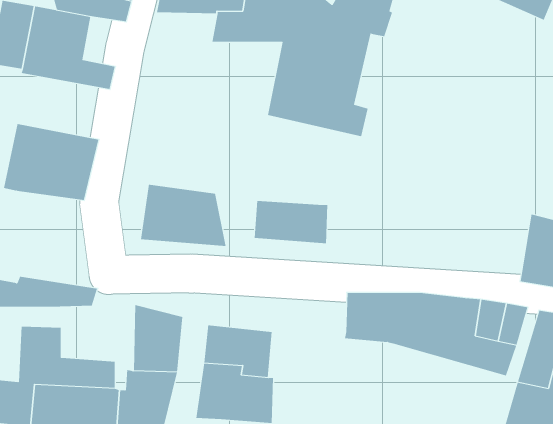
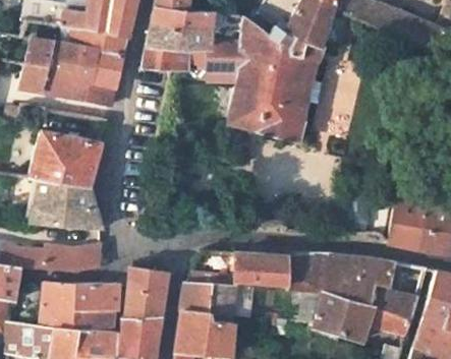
building: none -> [142,47,191,69]
building: none -> [91,50,123,87]
building: [140,184,227,246] -> [35,181,100,228]
building: [254,200,328,244] -> [233,254,289,287]
building: none -> [390,191,428,249]
building: none -> [74,283,120,310]
building: none -> [315,296,409,343]

